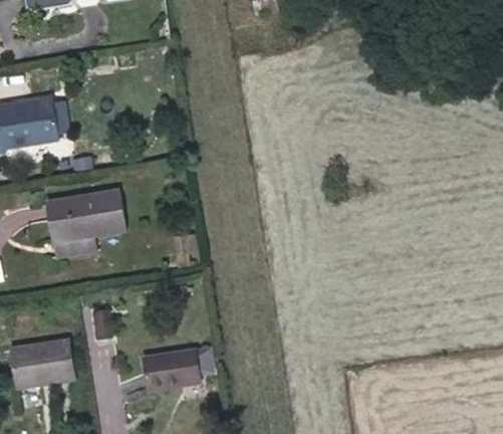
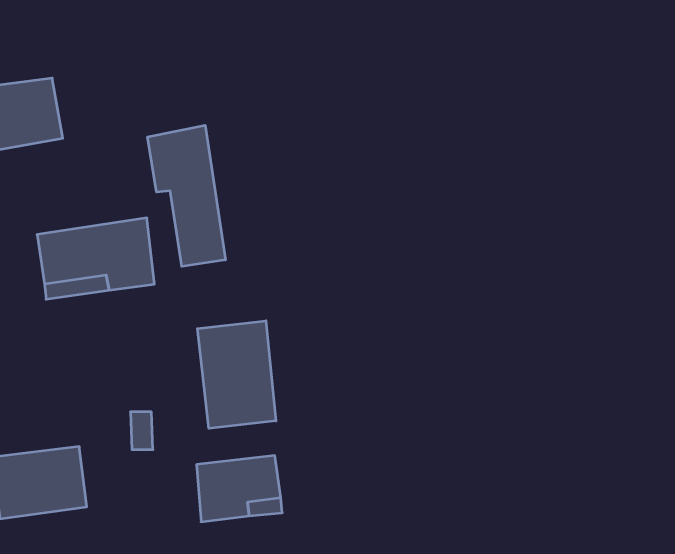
building: none -> [148,125,225,266]
building: none -> [197,321,276,428]

